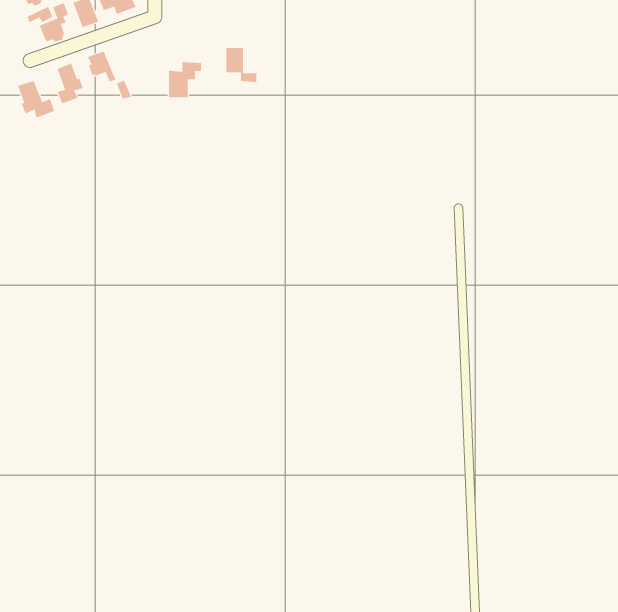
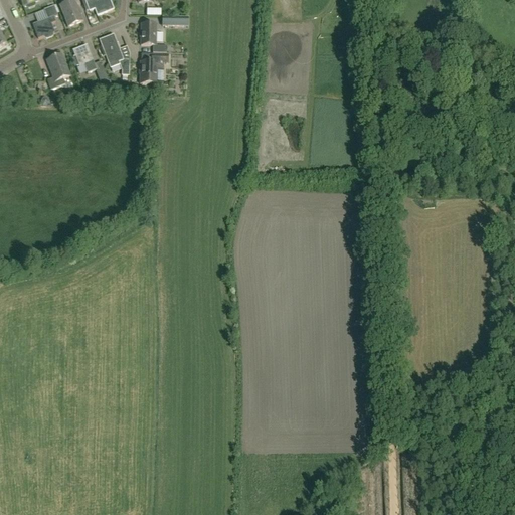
building: none -> [100,31,124,65]
building: [226,47,257,82] -> [141,21,167,50]
building: [17,80,55,119] -> none

